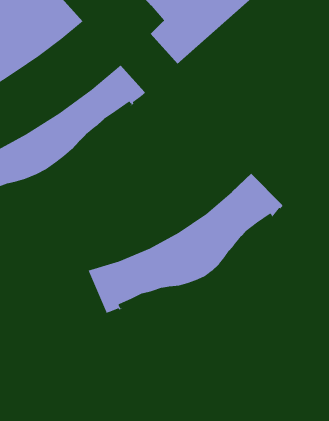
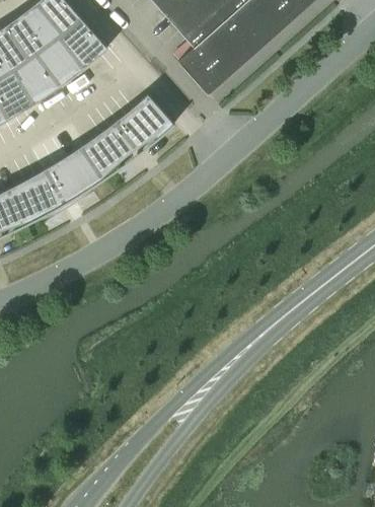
building: [87,173,284,314] -> none

